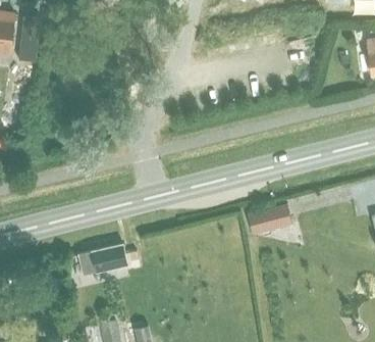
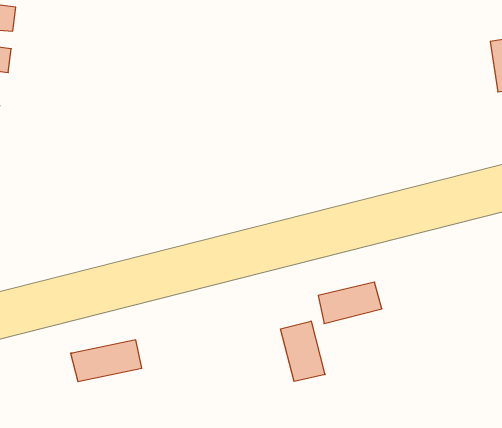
building: none -> [281,321,325,381]

